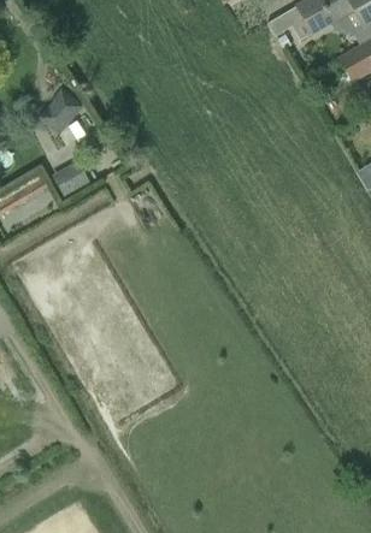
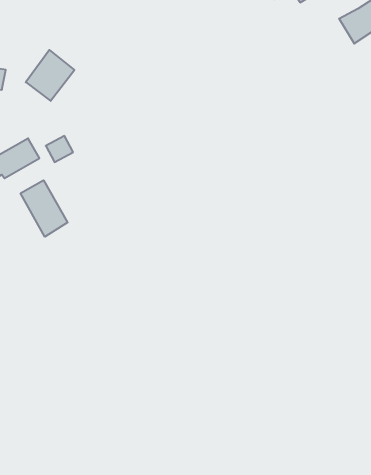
building: none -> [21,180,68,237]

